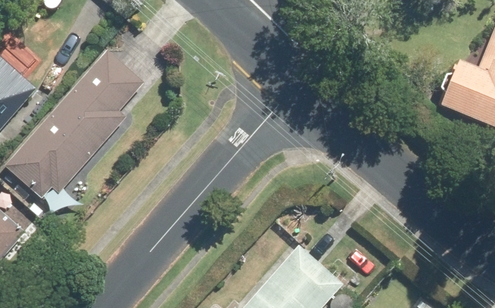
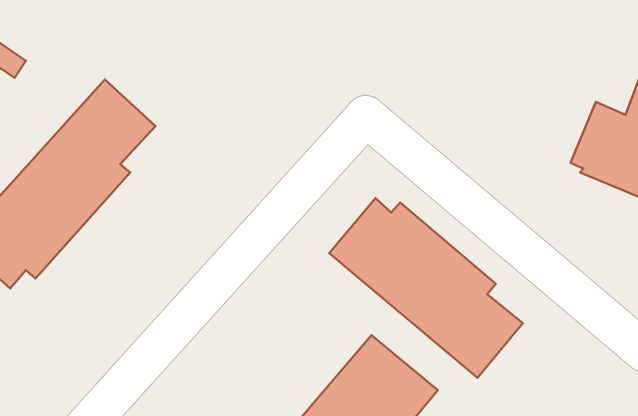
building: none -> [329,198,523,378]

